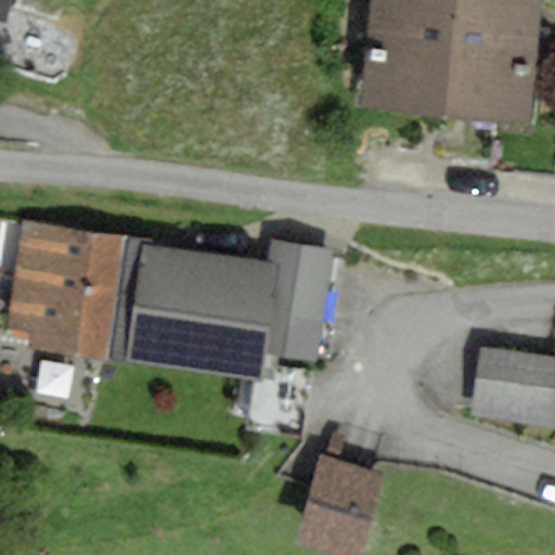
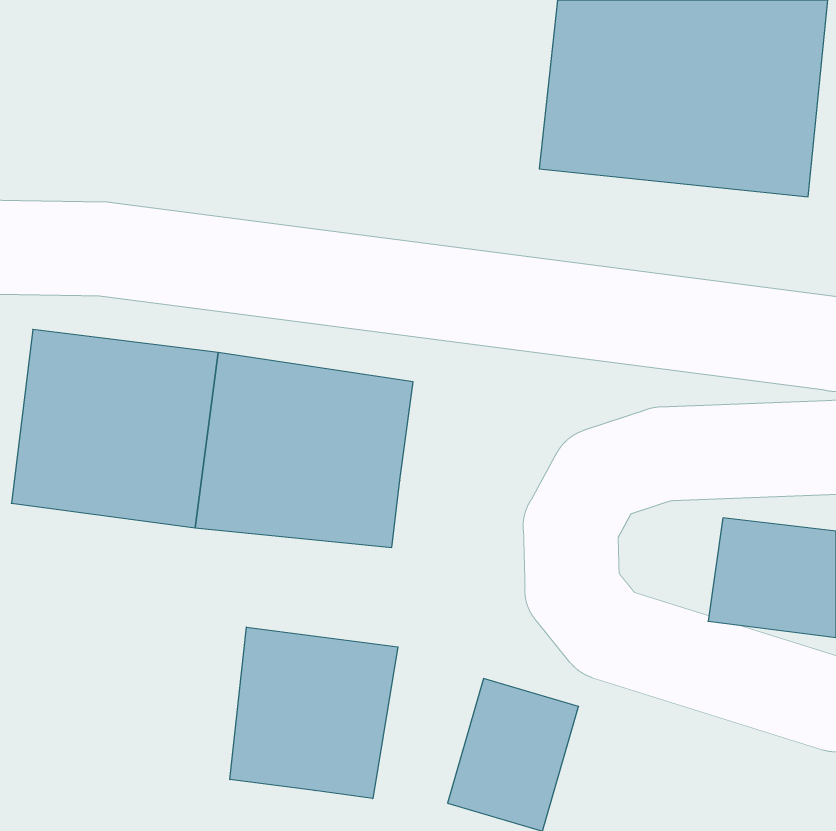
building: [264,241,333,330] -> none
building: none -> [230,627,398,799]

